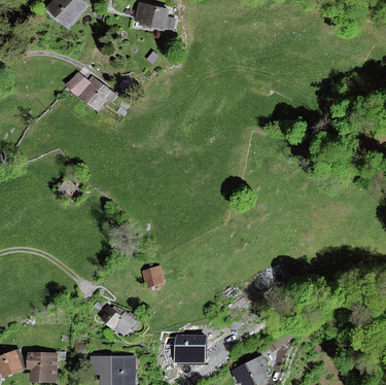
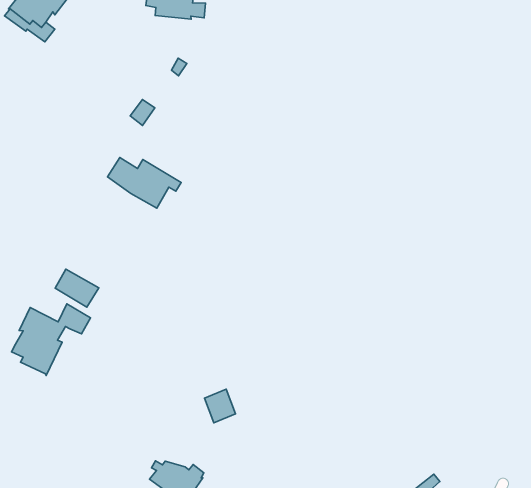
building: [68,73,114,108] -> [108,158,181,208]
building: none -> [12,304,90,376]

